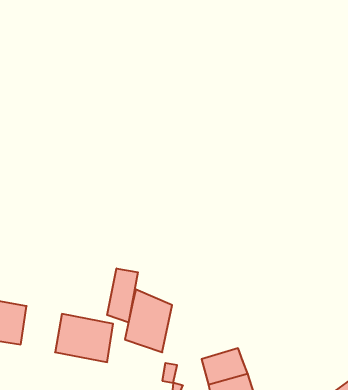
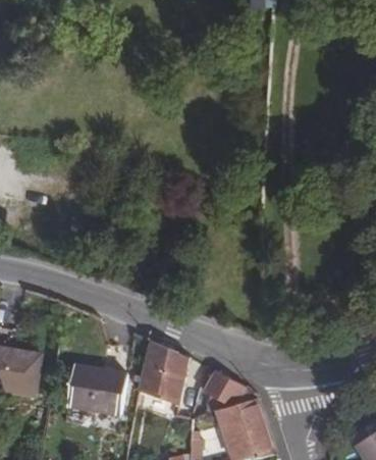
building: [107,268,138,323] -> none
building: none -> [205,370,258,413]

